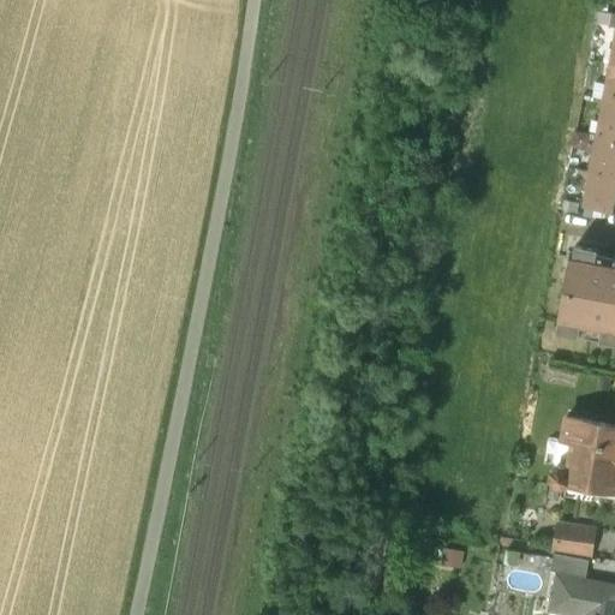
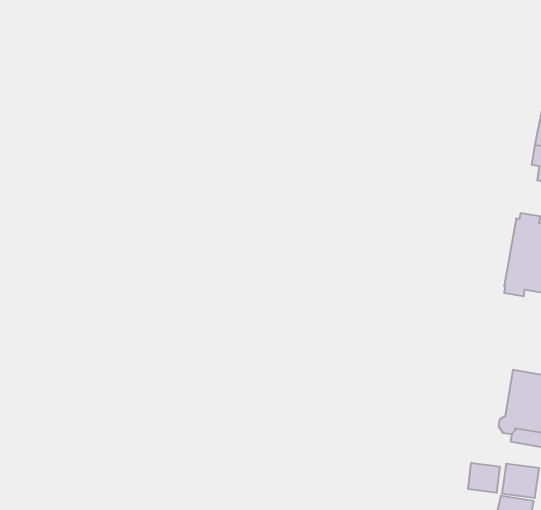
building: none -> [468,463,500,493]

